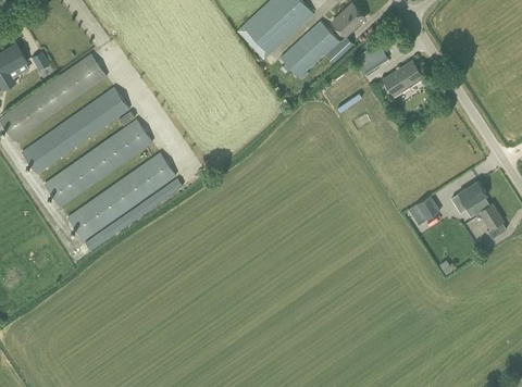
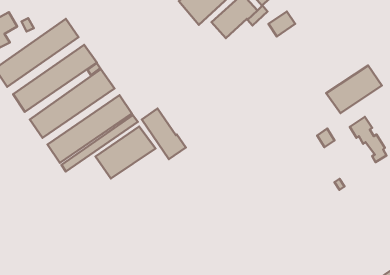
building: [384,61,424,98] -> none
building: none -> [326,65,382,113]
building: none -> [142,108,186,159]
building: none -> [95,126,155,178]

